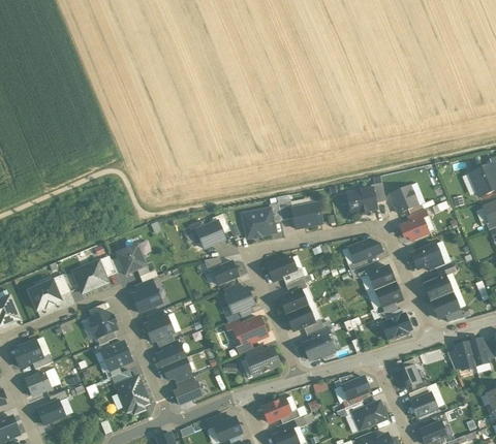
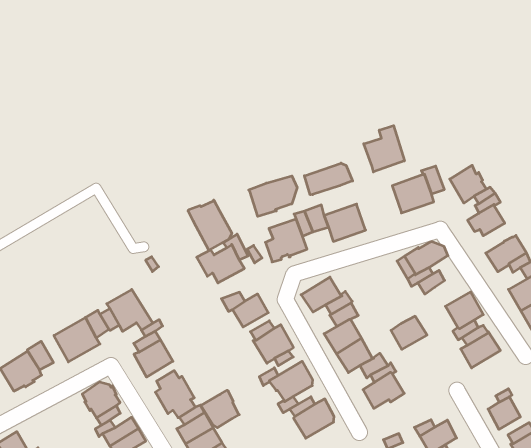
building: none -> [364,126,404,172]
building: none -> [304,163,353,195]
building: none -> [249,176,297,216]
building: none -> [188,200,232,250]
building: [368,266,395,290] -> [391,316,427,349]
building: none -> [201,390,239,428]

